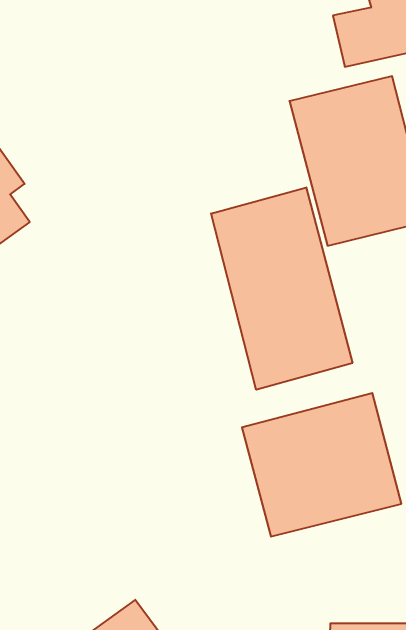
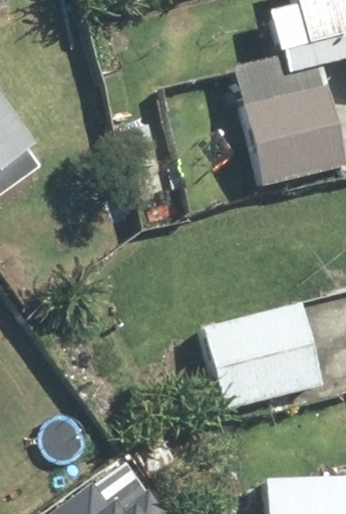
building: [211,187,352,390] -> none

